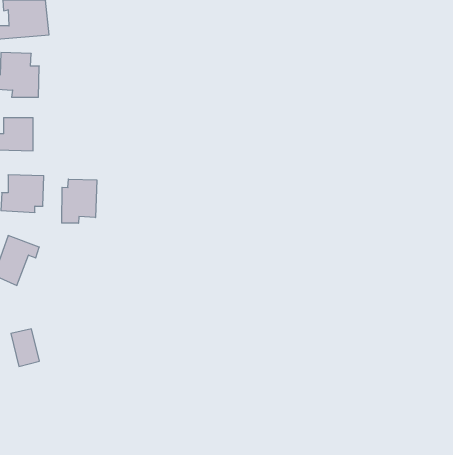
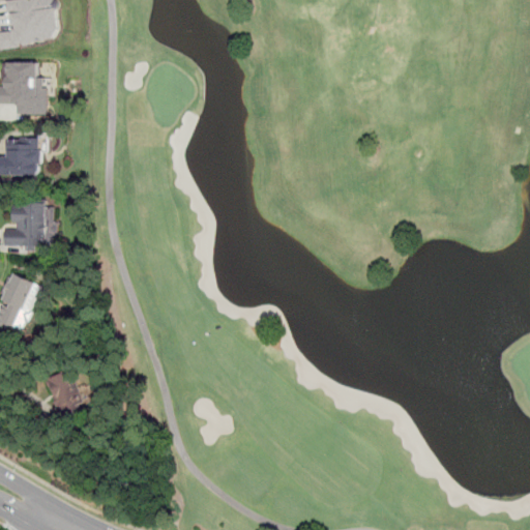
building: [62,179,97,223] -> none
building: [11,329,39,366] -> [48,372,81,415]

